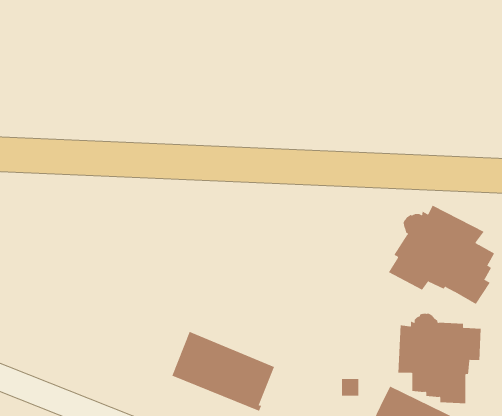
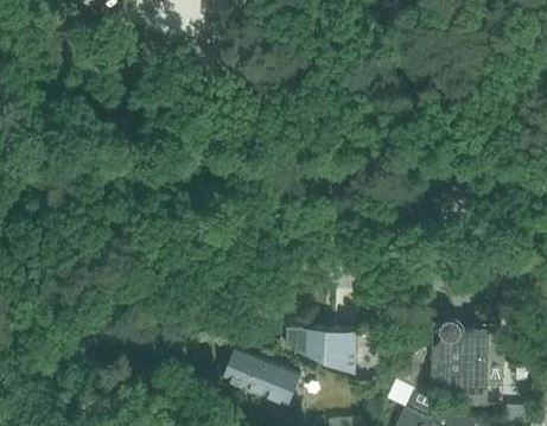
building: [388,205,495,305] -> none
building: none -> [285,328,356,373]

